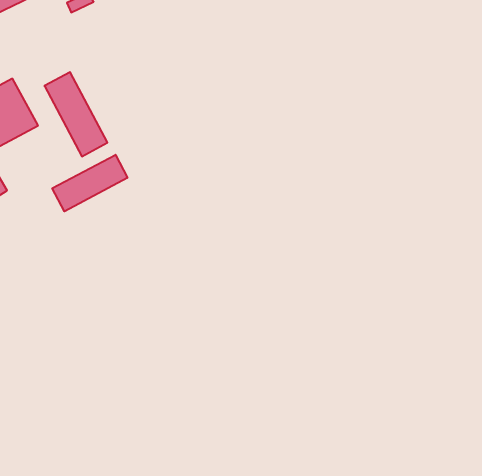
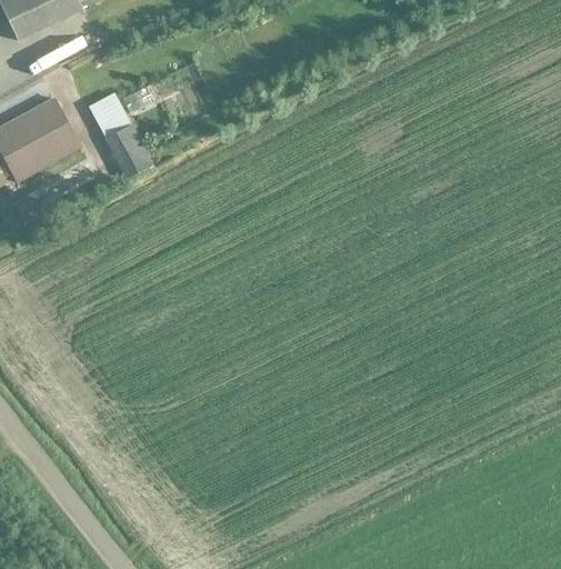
building: [52,155,127,211] -> none

